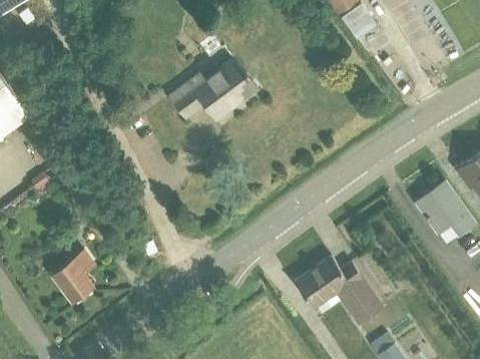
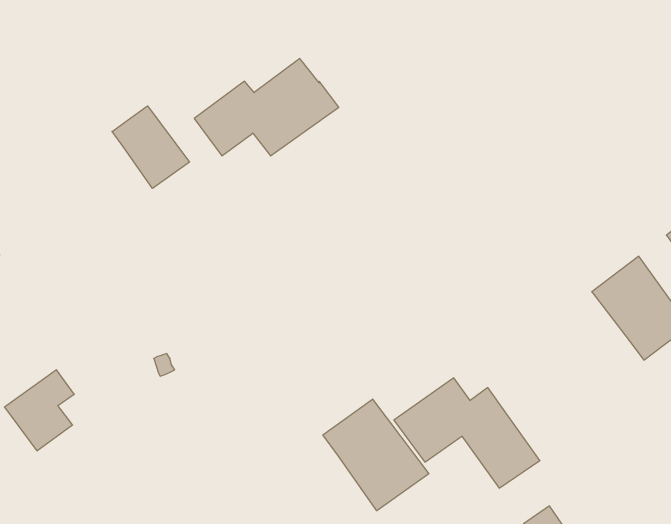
building: none -> [112,106,190,188]
building: none -> [323,399,429,511]

